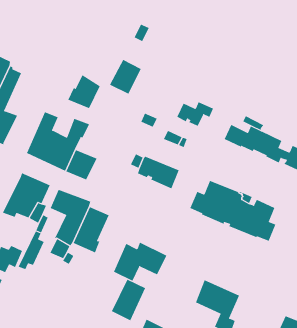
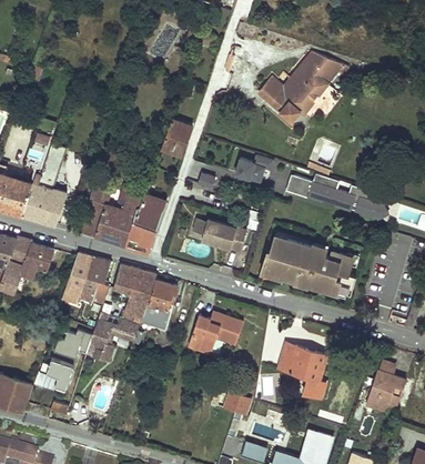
building: none -> [257,52,347,122]
building: [68,74,100,109] -> [132,192,165,228]
building: [111,279,146,321] -> none

